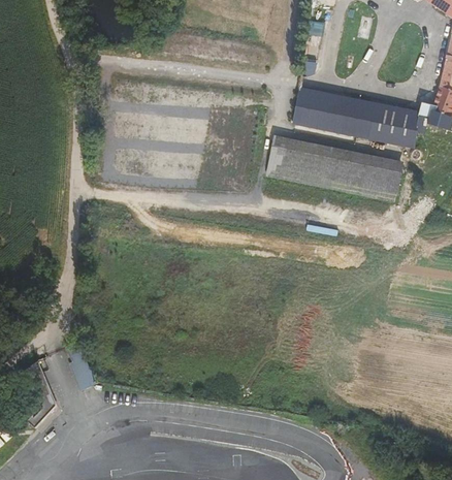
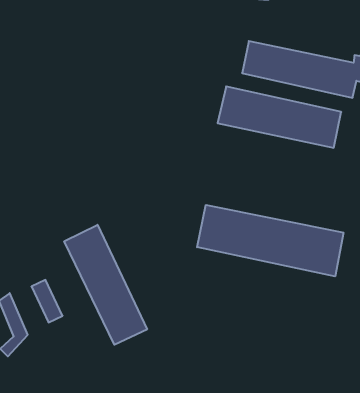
building: none -> [197,205,343,276]
building: none -> [64,225,147,345]

